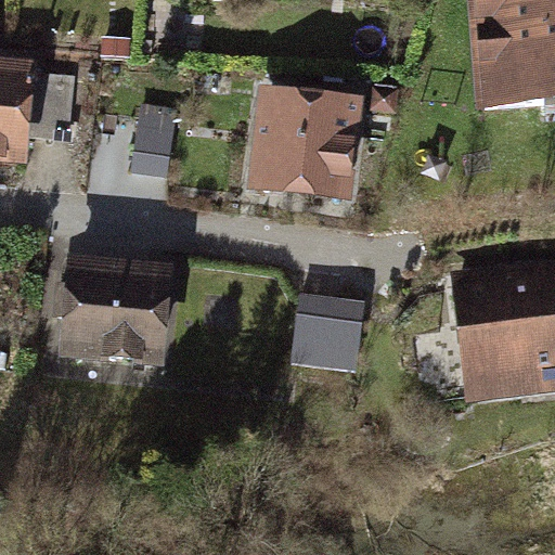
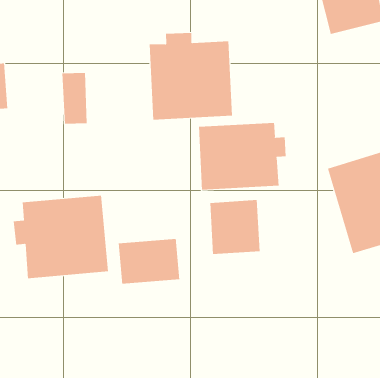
building: none -> [199,122,286,191]
building: none -> [118,238,180,284]

